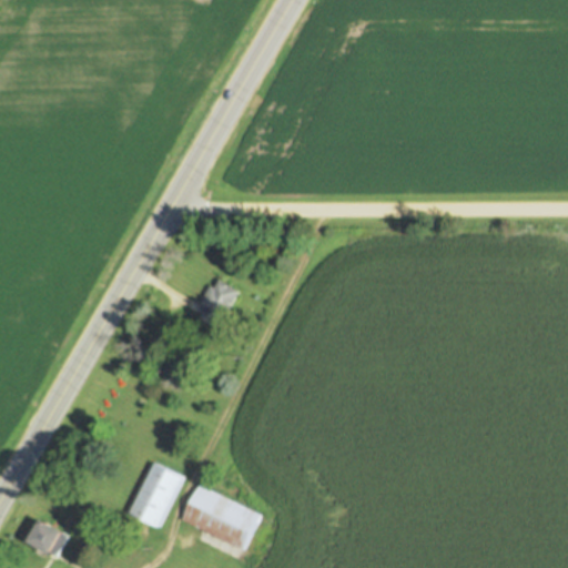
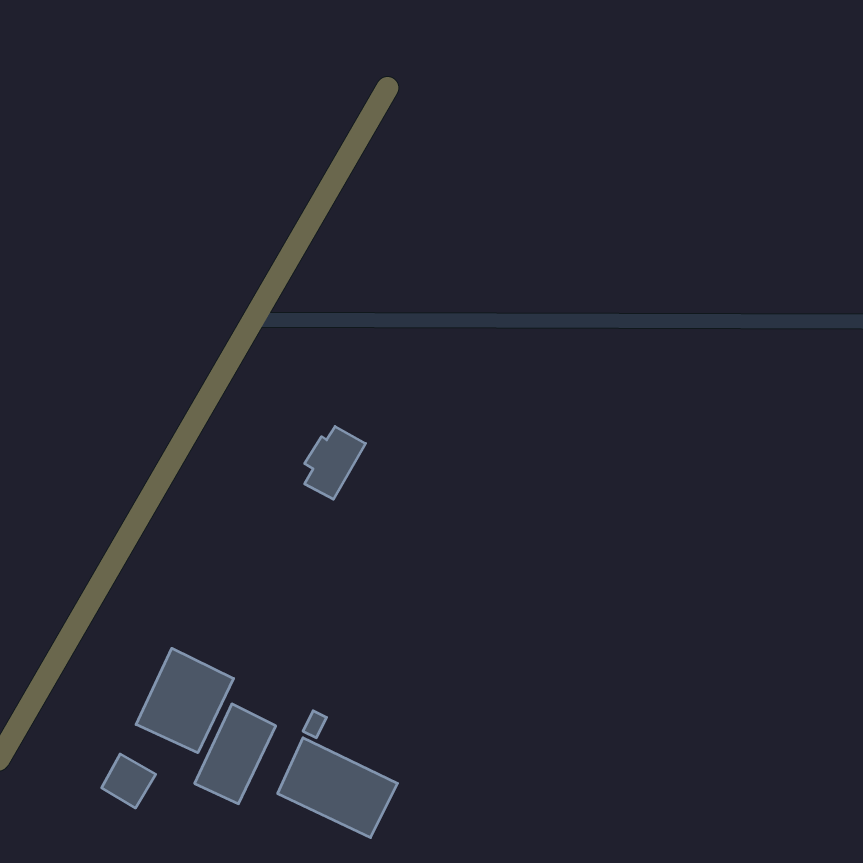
building: none -> [136,648,234,753]
building: [31,518,67,554] -> [102,754,156,808]

